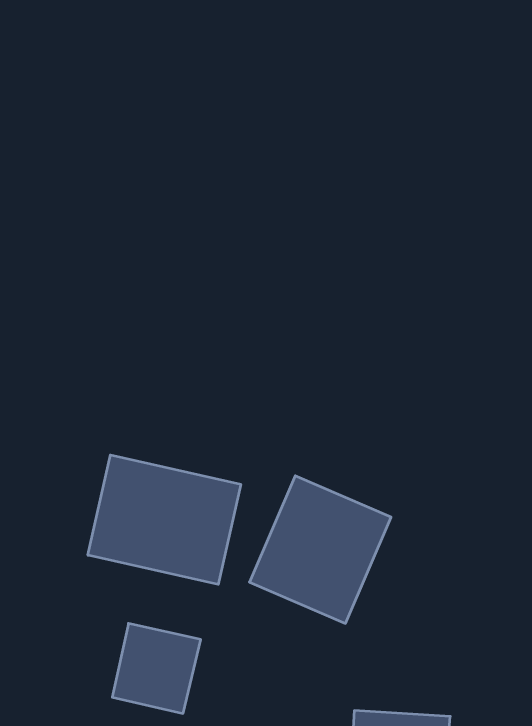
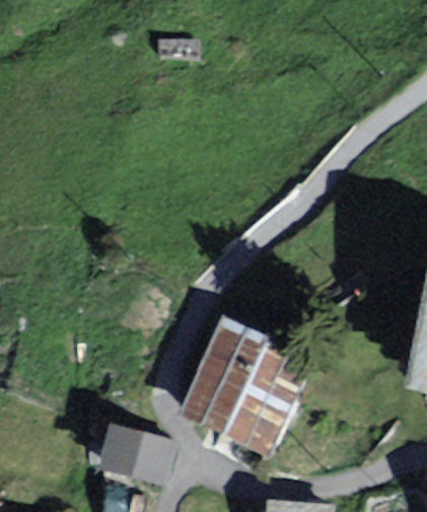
building: [88,455,241,584] -> none

